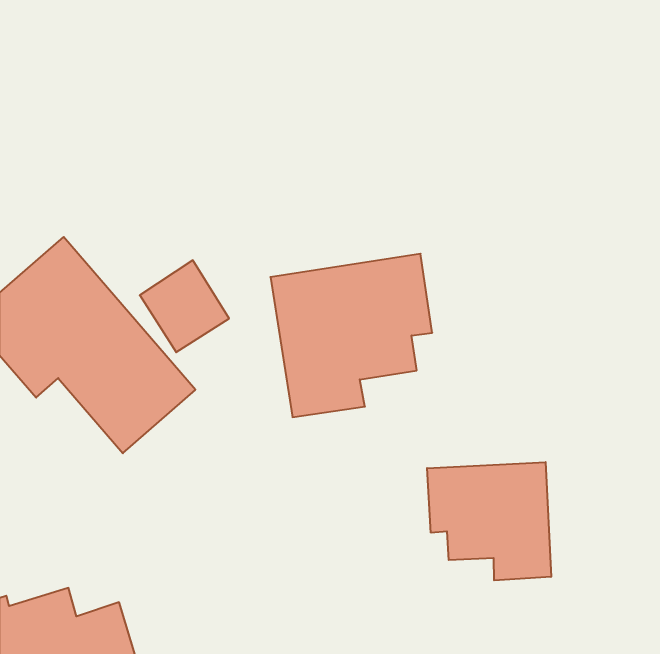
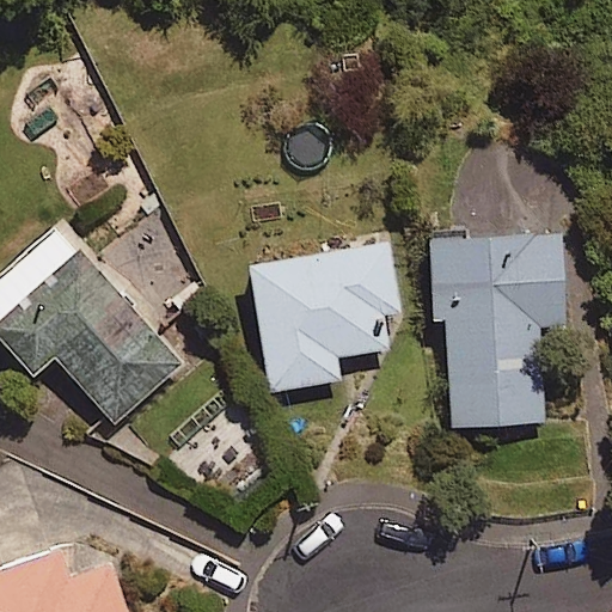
building: none -> [430,231,565,428]
building: [427,462,551,580] -> none

